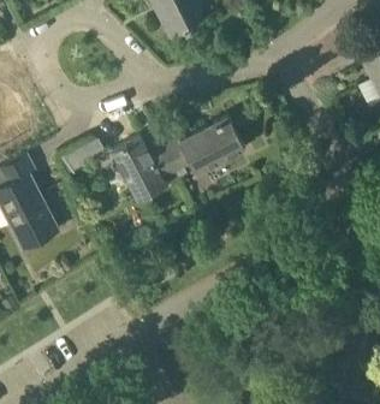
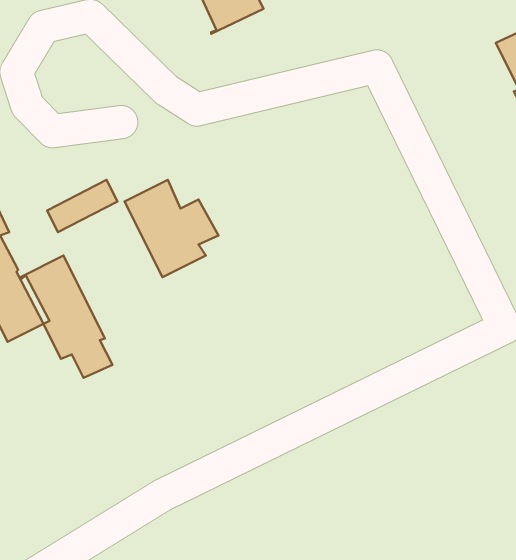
building: [161,118,244,176] -> none
building: none -> [21,255,113,378]

